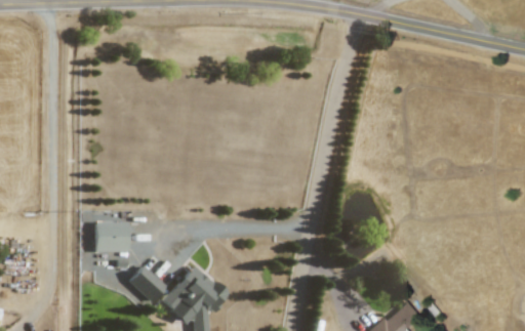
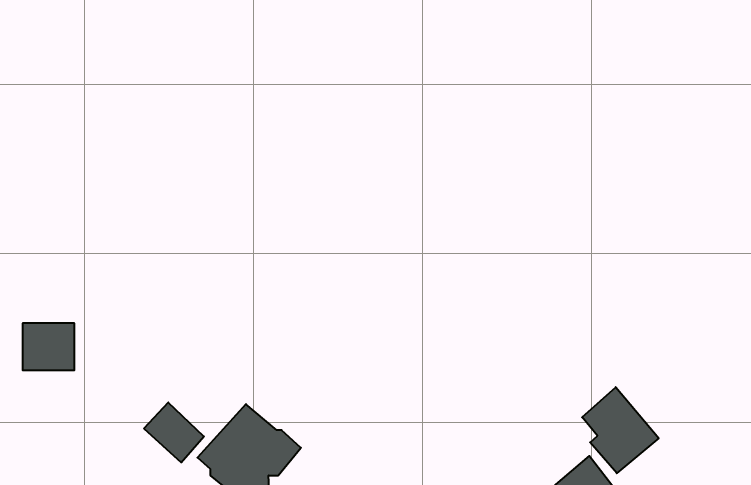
building: [93,221,126,251] -> [23,323,74,370]
building: none -> [582,387,659,473]

